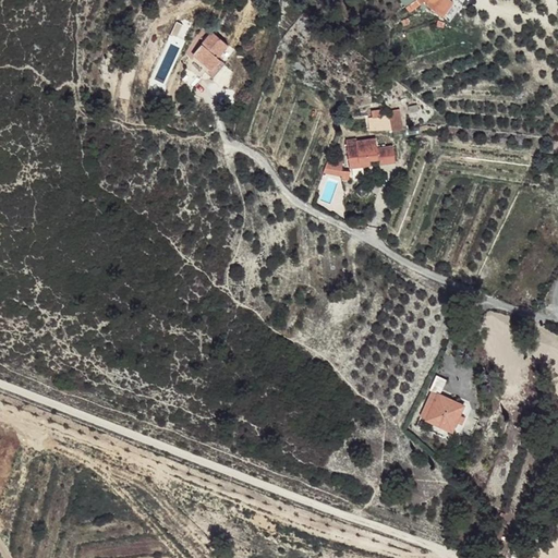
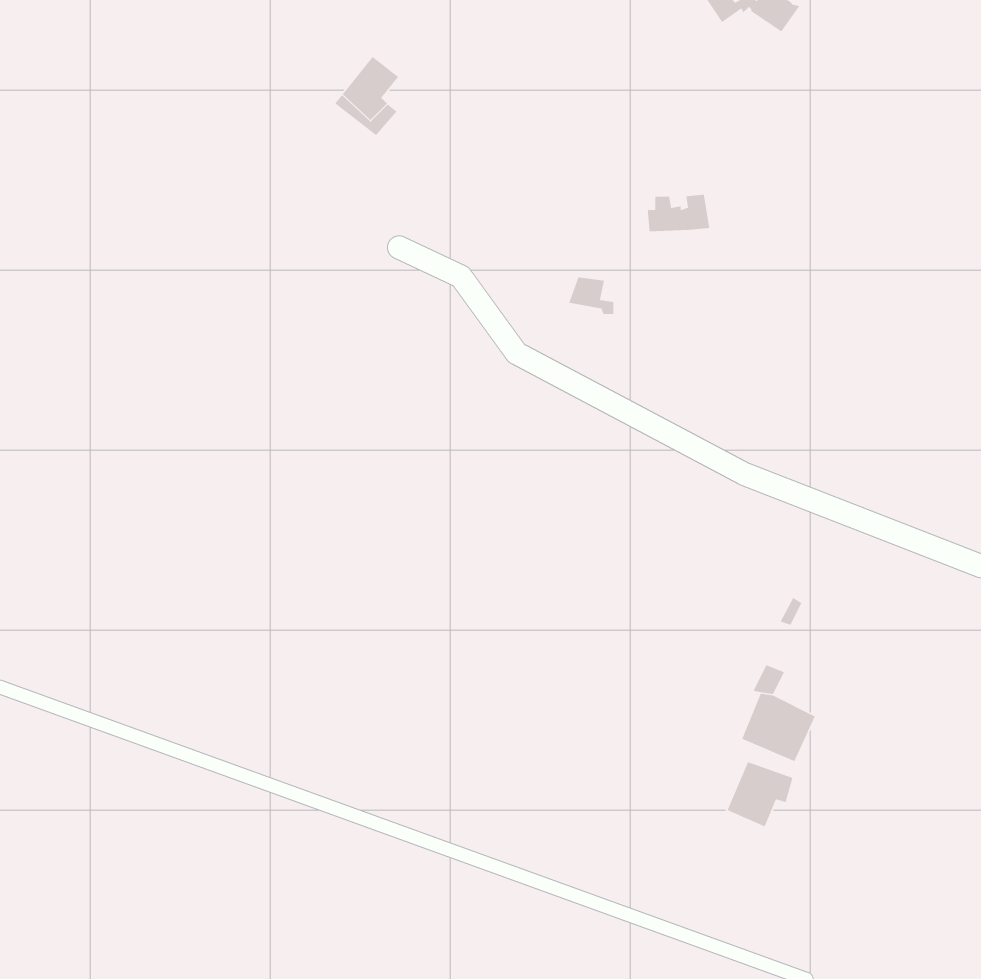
building: [345,138,398,168] -> none
building: none -> [726,761,793,828]

